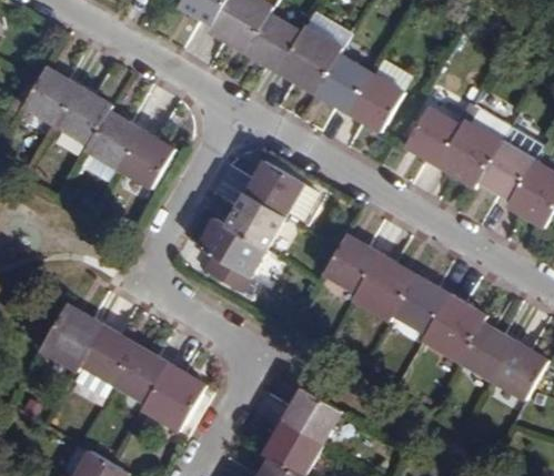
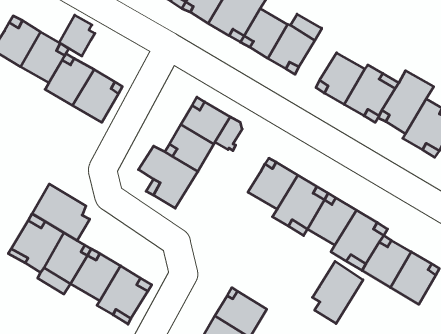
building: none -> [59,15,95,56]
building: none -> [32,184,90,241]
building: none -> [312,261,363,324]

